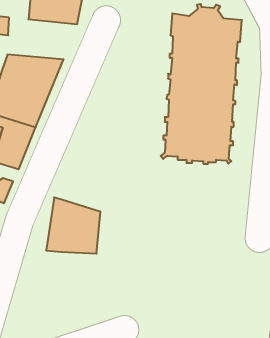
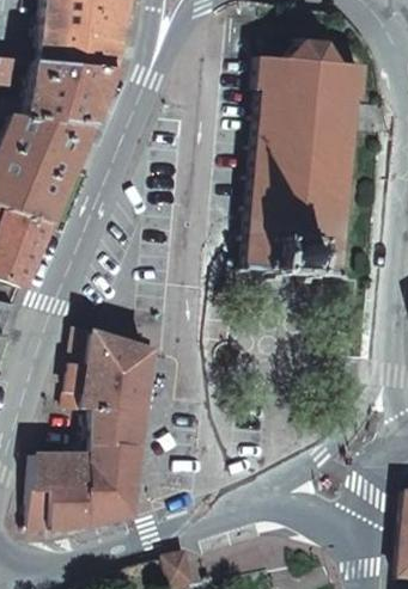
building: none -> [12,61,116,122]
building: none -> [30,409,145,530]

